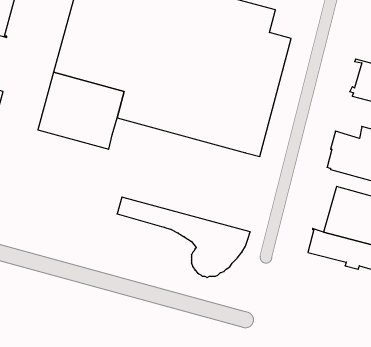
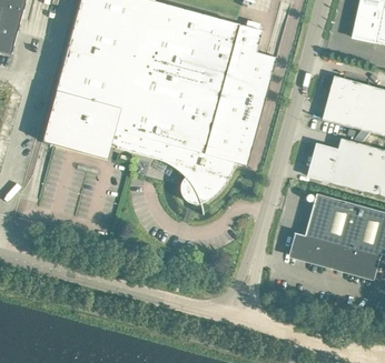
building: [117,197,250,278] -> [110,130,234,204]

